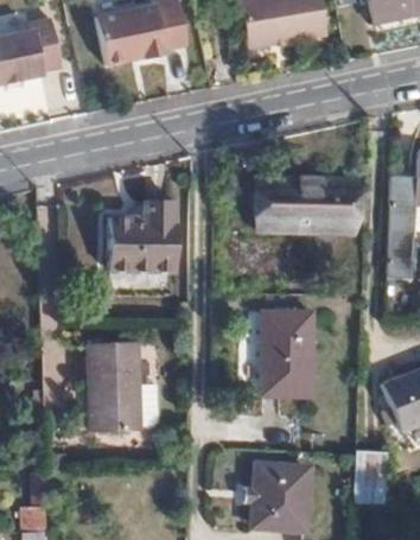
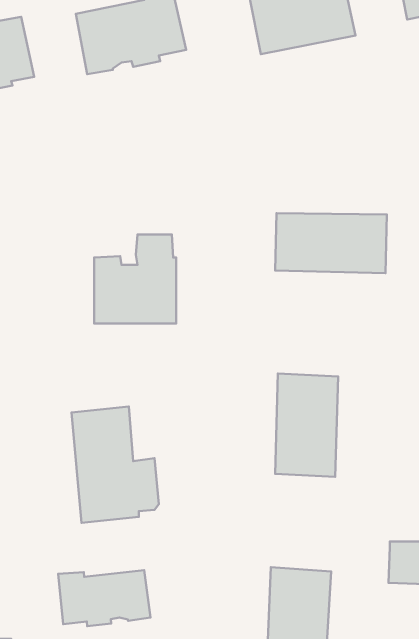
building: none -> [58,570,151,626]

